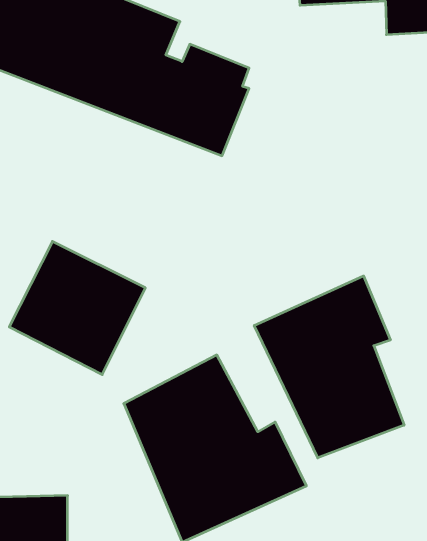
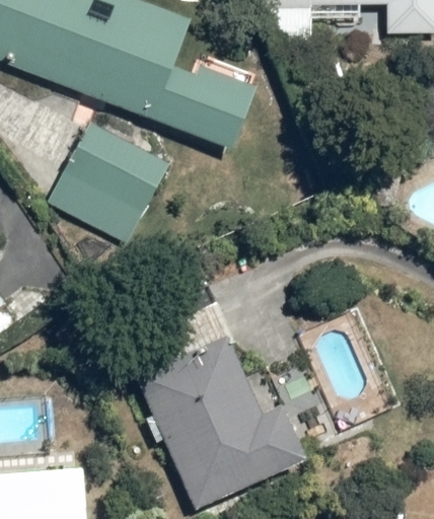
building: [9,241,145,375] -> [41,120,168,244]
building: [254,276,404,458] -> none

